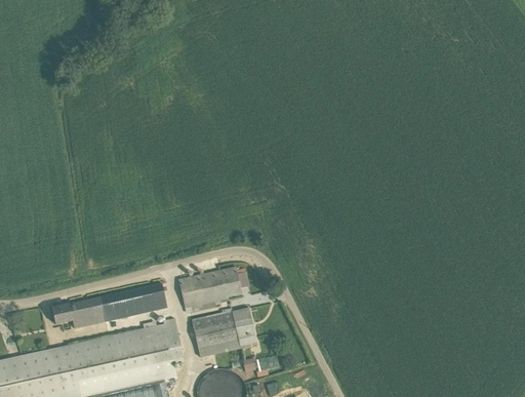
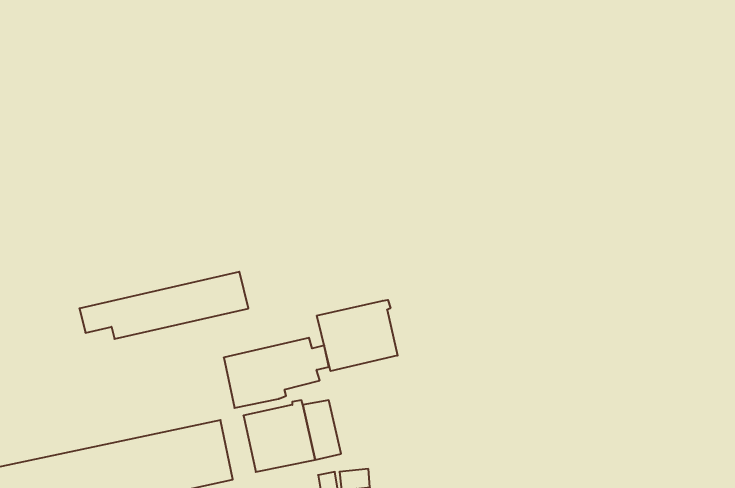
building: none -> [317,300,398,371]
building: [51,283,165,328] -> [79,272,248,339]

